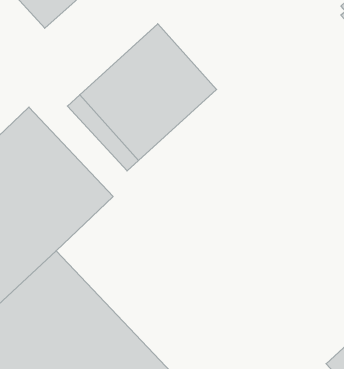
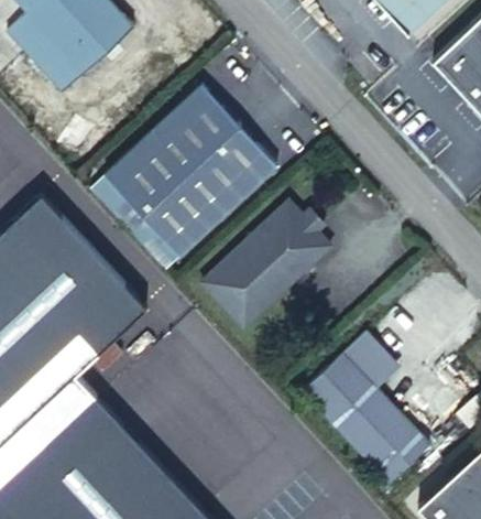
building: none -> [200,201,330,327]
building: none -> [298,333,426,487]

